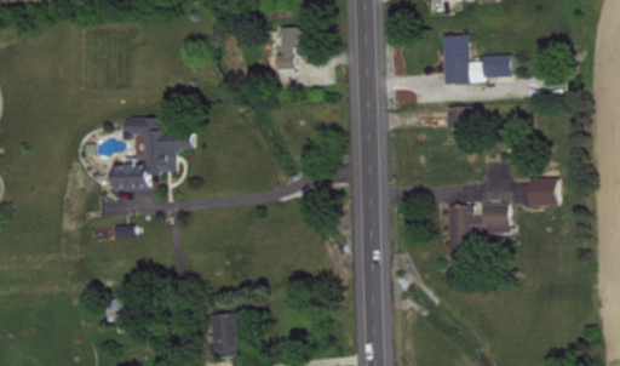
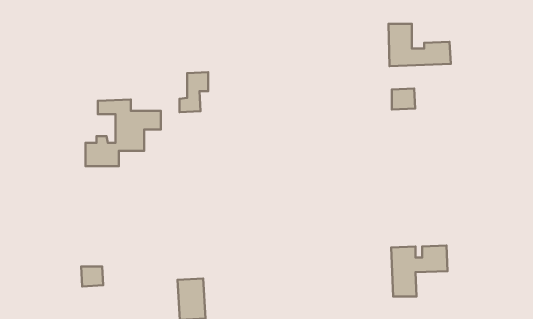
building: [270,27,302,70] -> [179,72,208,112]
building: [528,178,556,206] -> none
building: [446,204,507,259] -> [391,245,448,297]

